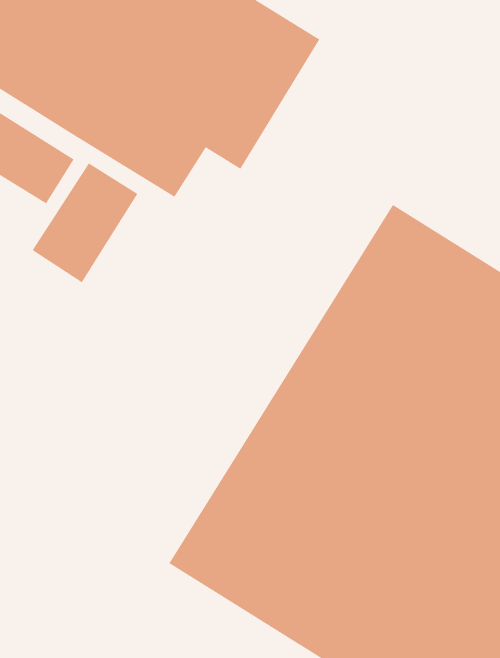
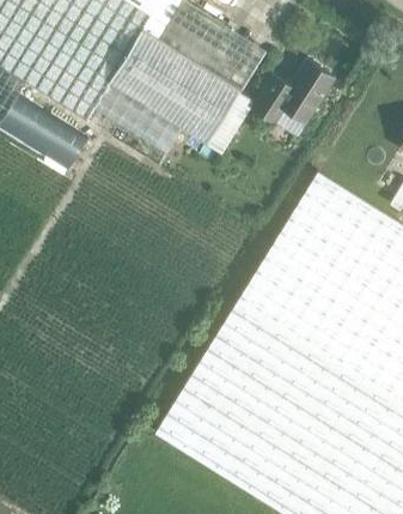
building: none -> [251,60,335,137]
building: [32,163,138,283] -> none

